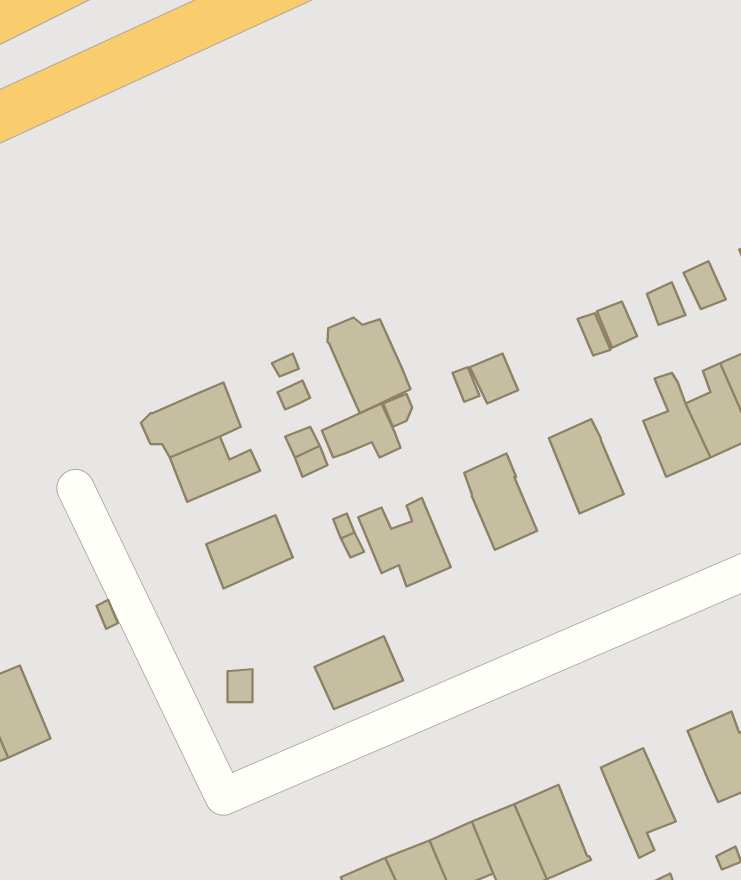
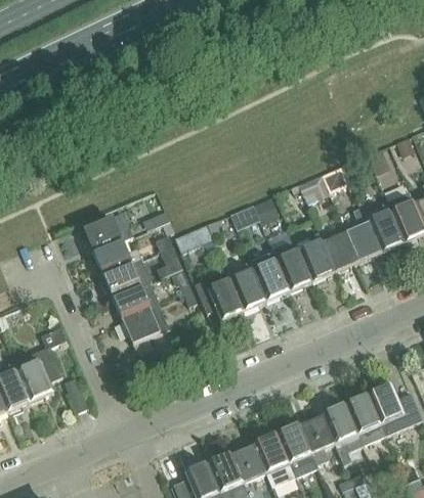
building: [328,318,411,413] -> none
building: none -> [323,225,357,271]
building: none -> [271,238,311,290]
building: none -> [99,259,152,298]
building: none -> [226,260,266,310]
building: [315,636,403,709] -> [122,305,169,344]
building: none -> [13,347,62,401]
building: none -> [345,397,385,445]
building: none -> [300,416,334,463]

